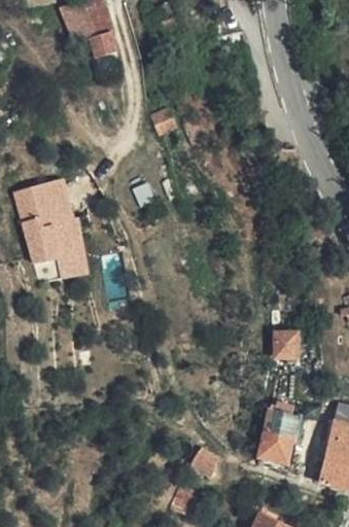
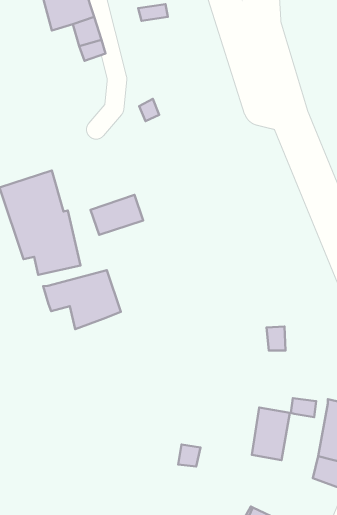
building: none -> [91,195,143,235]
building: none -> [43,270,121,329]

